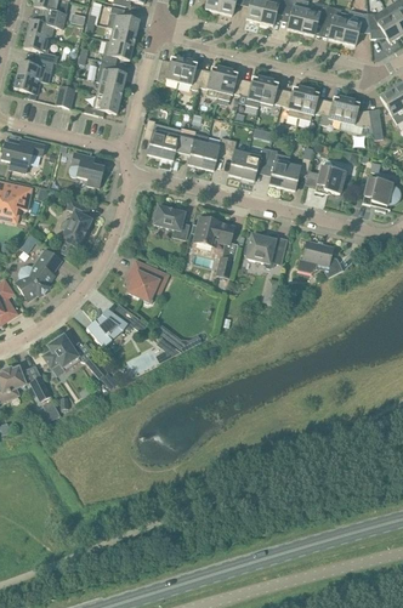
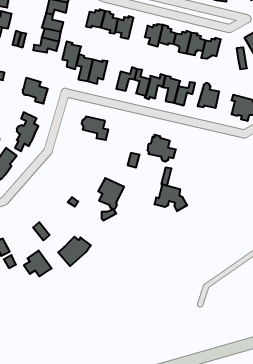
building: [217,67,244,100] -> none
building: [341,97,371,126] -> none
building: [182,127,209,166] -> [62,41,81,69]
building: [193,216,234,245] -> none
building: [296,239,342,277] -> [154,184,187,211]
building: [126,260,163,303] -> [98,178,124,209]
building: [84,308,130,350] -> [58,237,91,266]
building: [42,334,81,370] -> [24,250,52,276]

